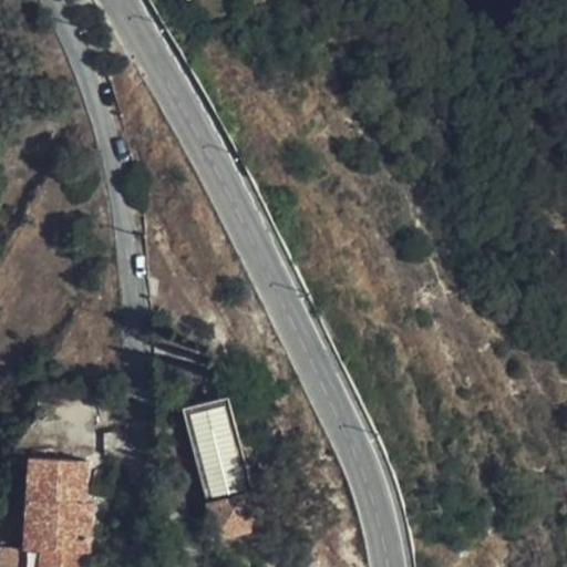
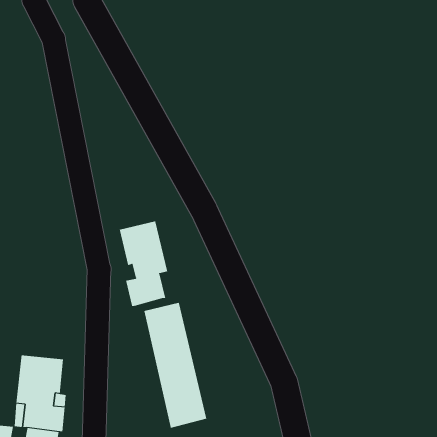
building: none -> [119,221,168,307]

